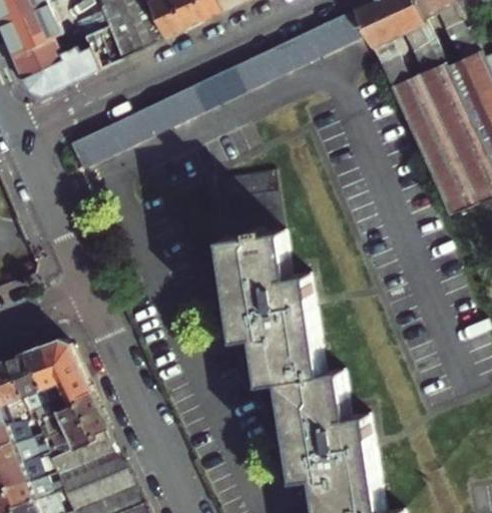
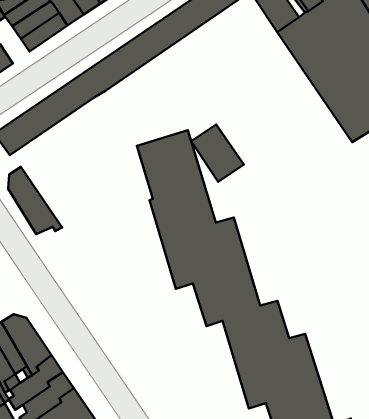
building: none -> [191,125,244,182]
building: none -> [8,167,62,234]

